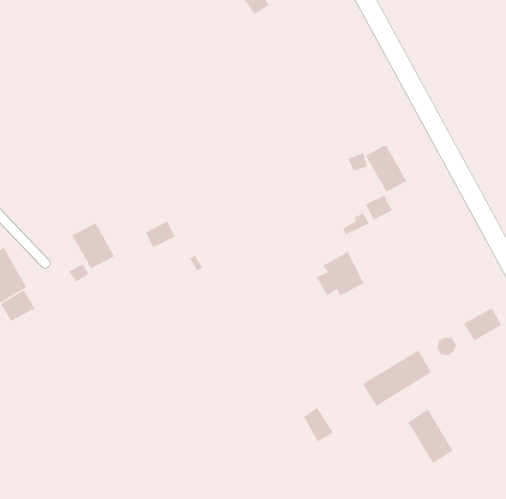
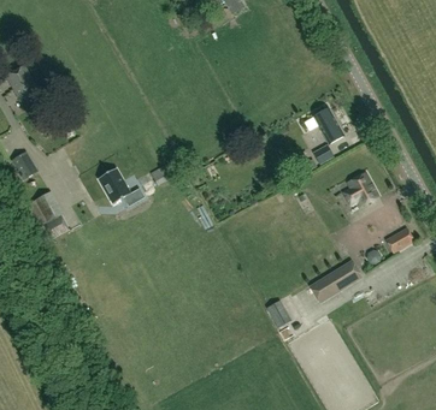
building: [316,251,364,297] -> [342,172,378,206]
building: [408,409,453,464] -> none

